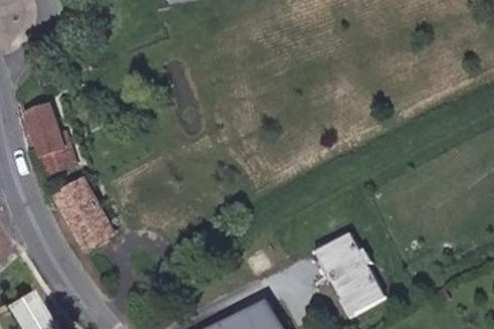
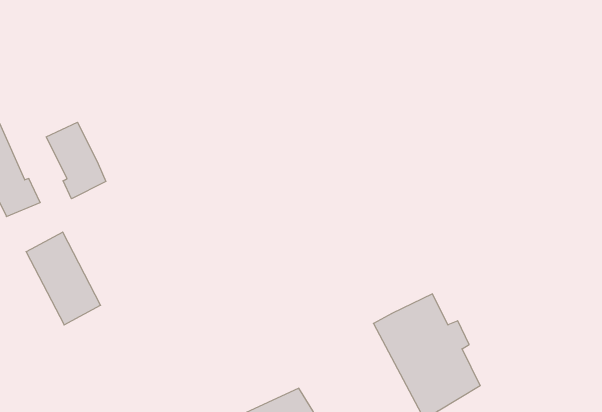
building: none -> [46,122,106,199]

